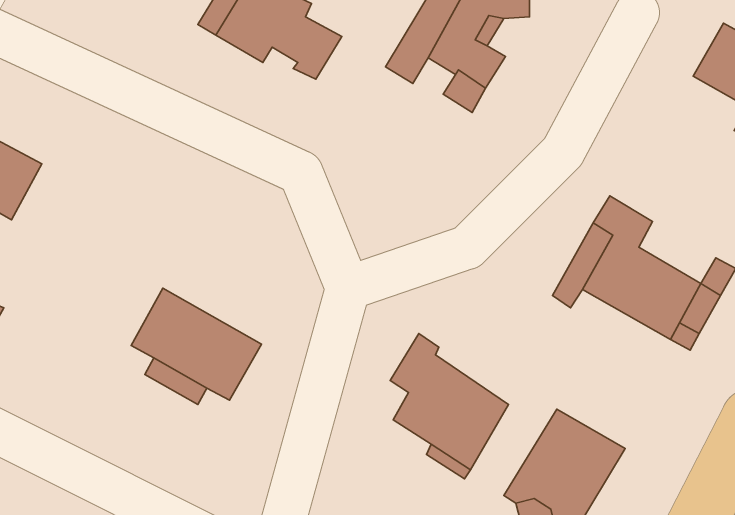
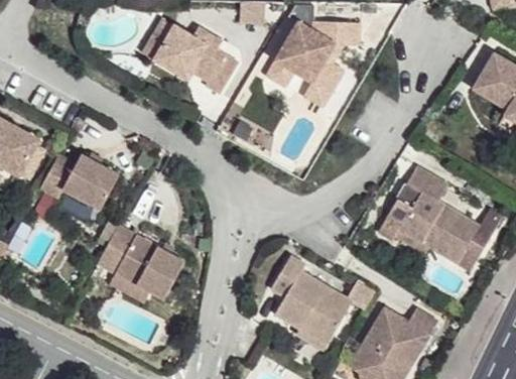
building: none -> [41,153,122,210]

